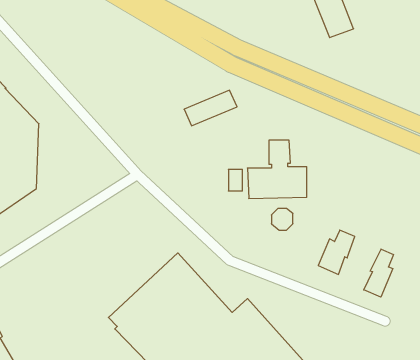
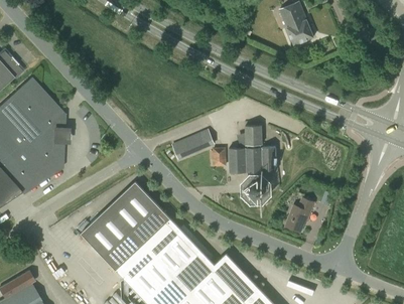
building: [184,90,237,126] -> [172,131,215,159]
building: none -> [84,179,173,268]
building: [364,249,394,297] -> none

